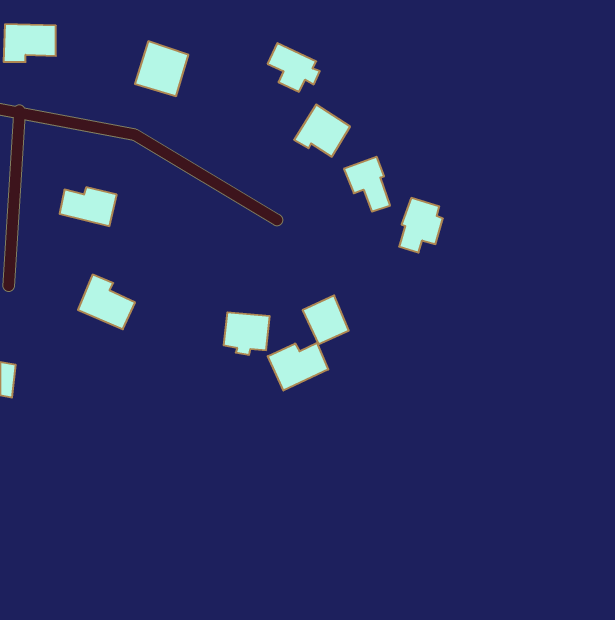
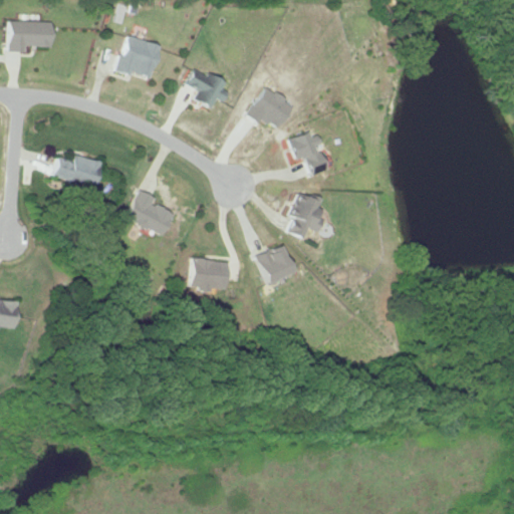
building: [268,43,320,92] -> [186,67,229,107]
building: [399,198,443,253] -> [289,193,325,238]
building: [78,275,135,329] -> [126,190,174,235]
building: [268,343,328,391] -> none

